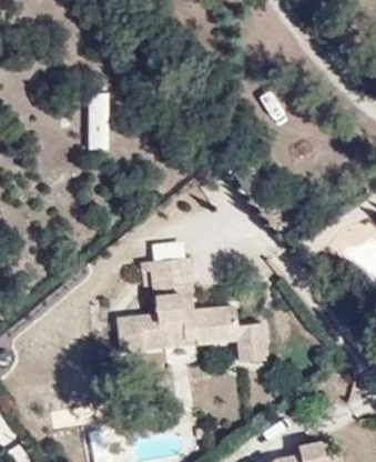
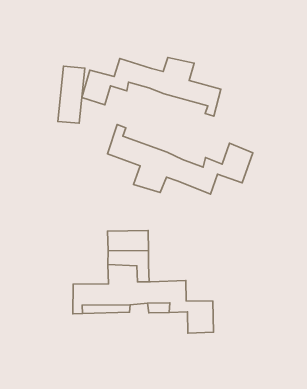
building: none -> [82,57,221,116]
building: none -> [108,124,253,194]

